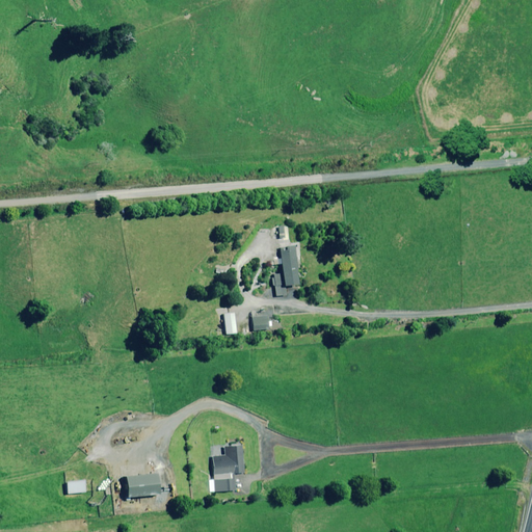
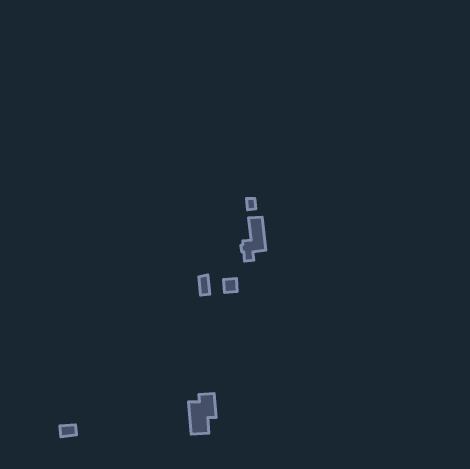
building: [127,473,161,497] -> none

